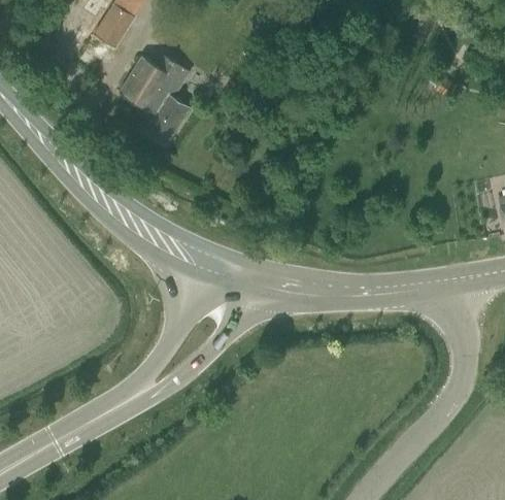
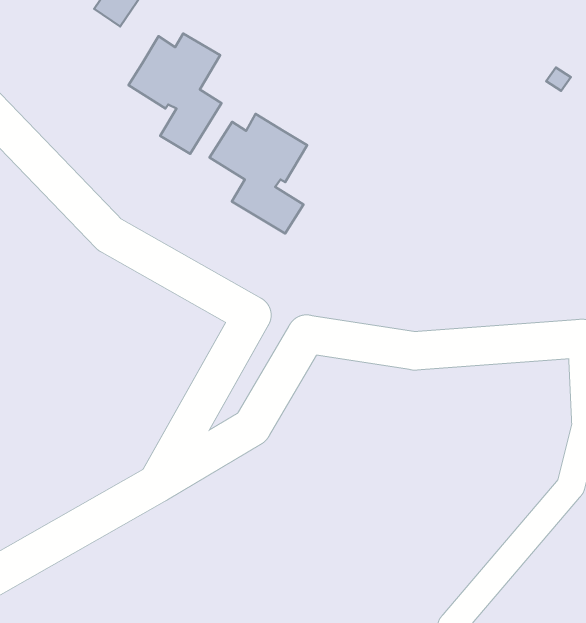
building: none -> [209,114,307,233]

